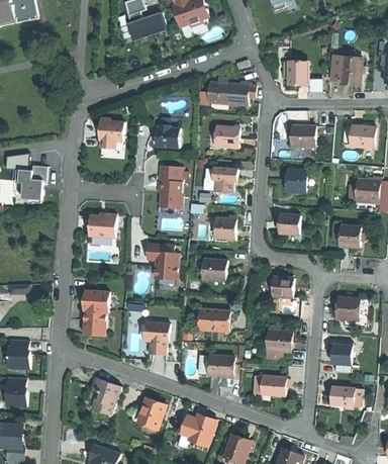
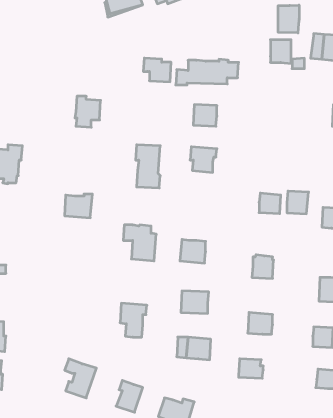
building: none -> [278,5,299,33]
building: [152,123,179,147] -> [143,58,171,82]
building: [291,124,316,147] -> none
building: [286,169,307,191] -> [287,191,309,214]
building: [214,217,236,239] -> none
building: [82,289,108,335] -> none

